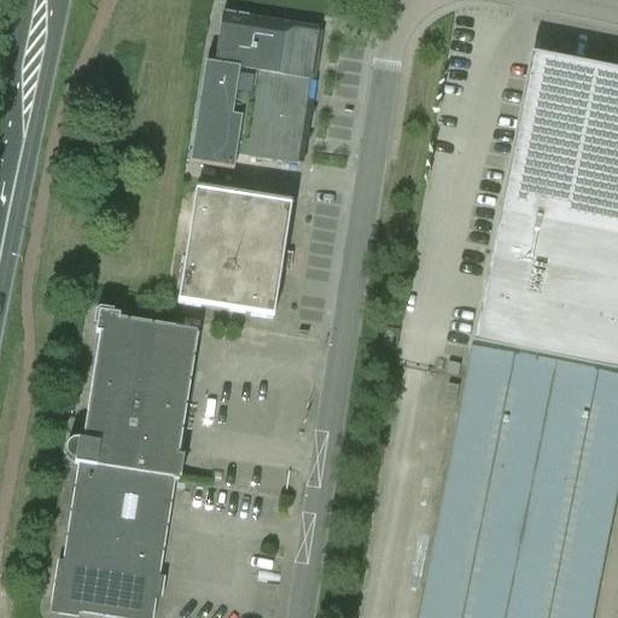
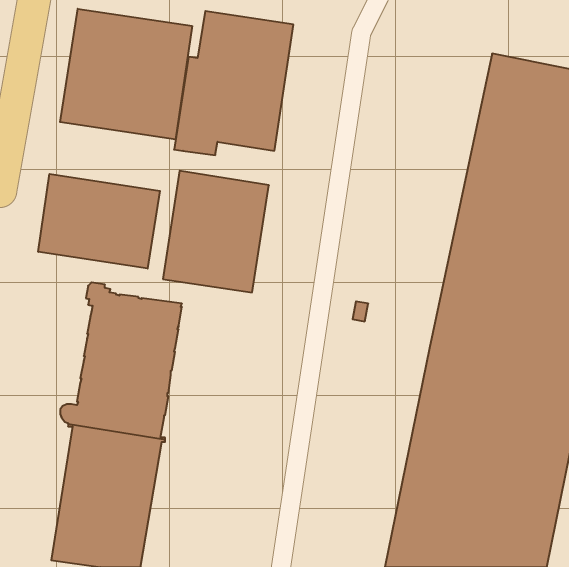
building: none -> [60,9,192,140]
building: none -> [38,174,160,269]

